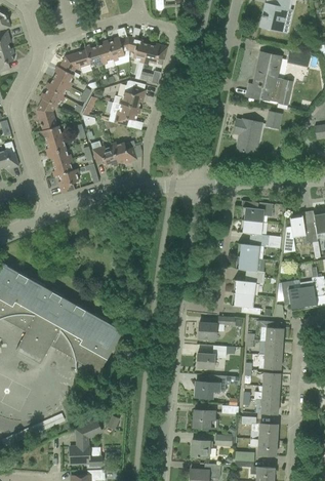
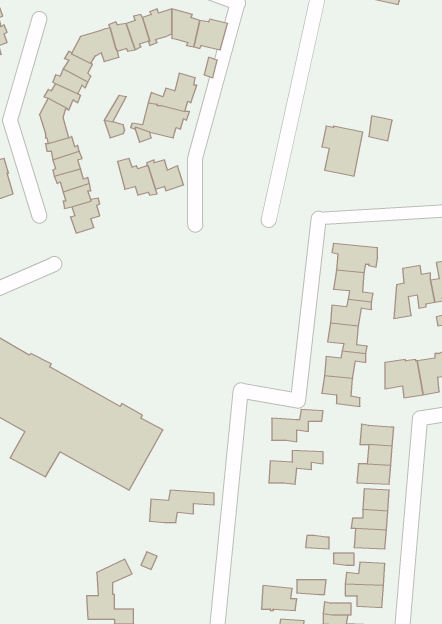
building: [246,50,311,110] -> none
building: [195,374,240,397] -> [149,490,214,523]
building: [193,409,218,428] -> none

